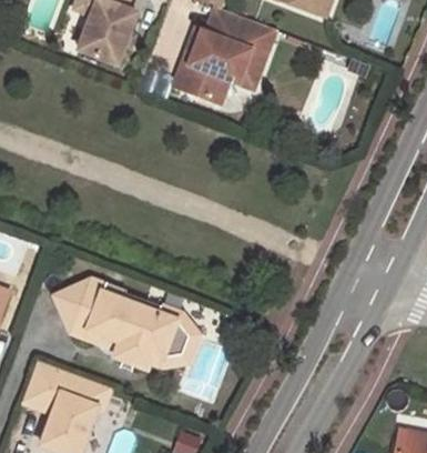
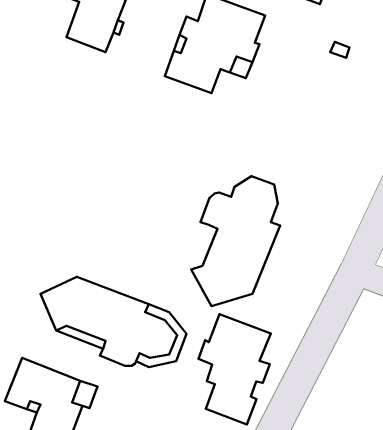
building: none -> [191,176,280,306]
building: none -> [198,314,271,425]

